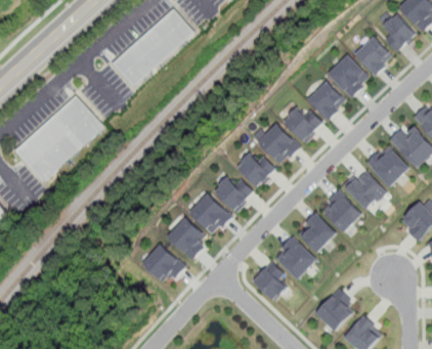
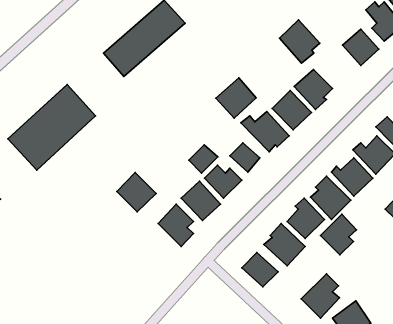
building: [327,54,368,98] -> [279,20,320,63]
building: none -> [216,78,256,118]
building: none -> [189,145,218,173]
building: none -> [321,214,357,255]
building: [142,245,182,285] -> [117,172,156,212]

